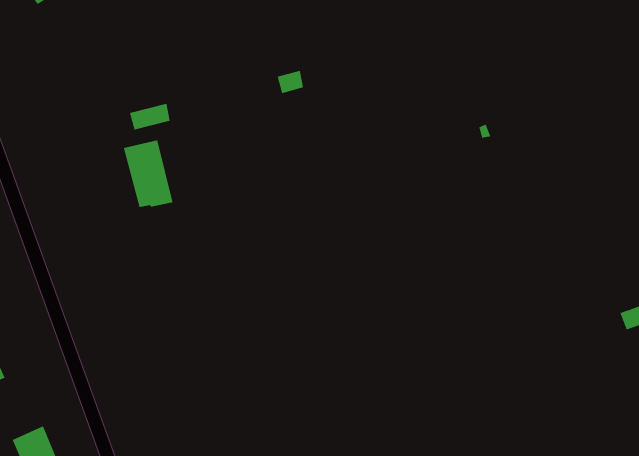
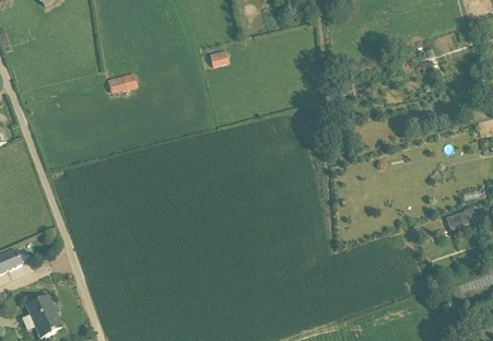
building: [123,140,173,208] -> none

